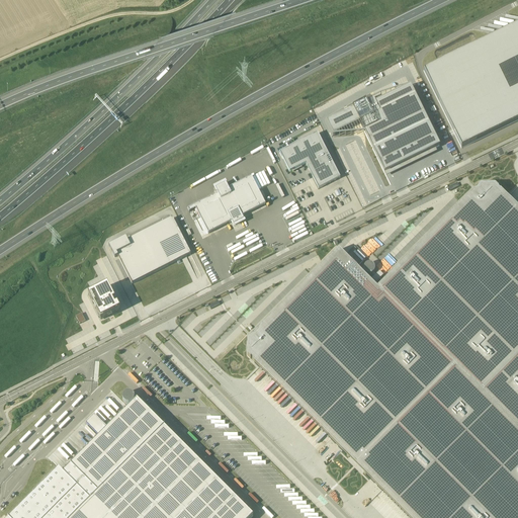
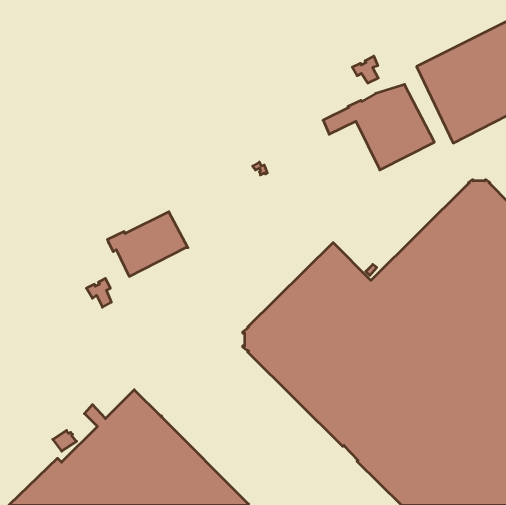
building: none -> [352,56,378,83]
building: [281,131,342,186] -> none
building: [196,174,267,231] -> none

